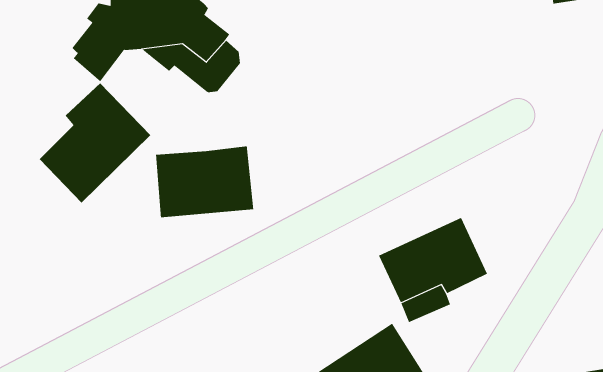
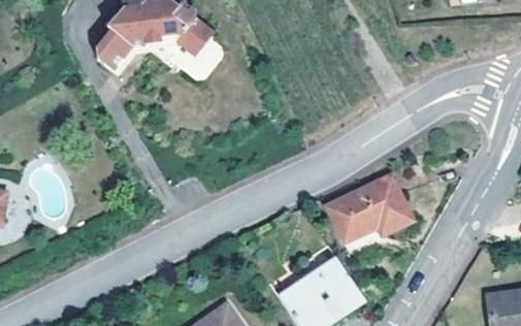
building: [39,82,151,203] -> none
building: [155,146,254,218] -> none

